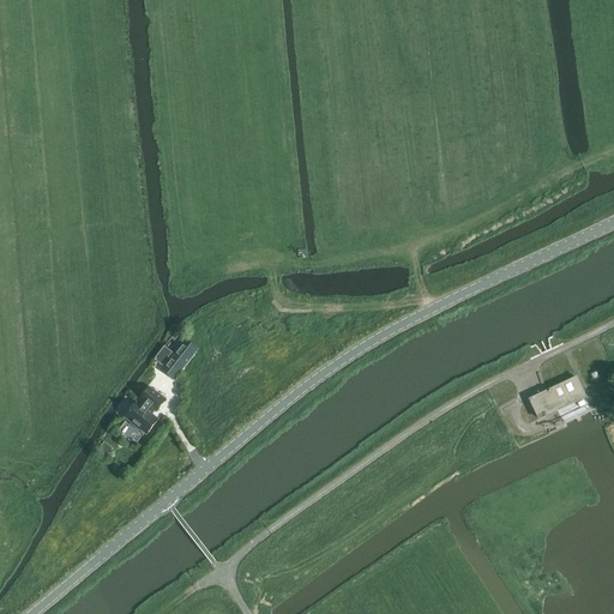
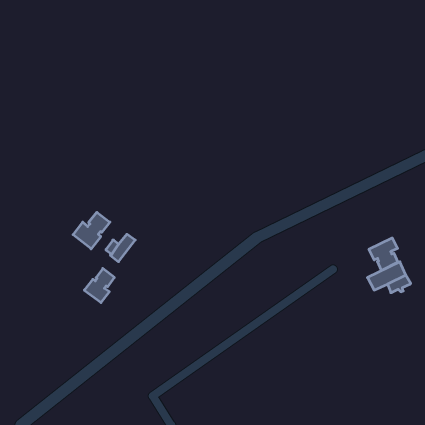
building: none -> [73,212,110,249]
building: none -> [369,238,398,271]

